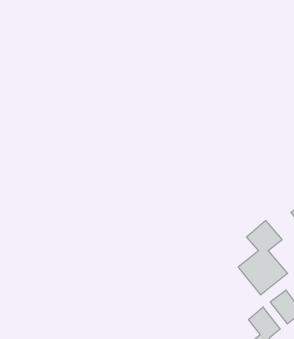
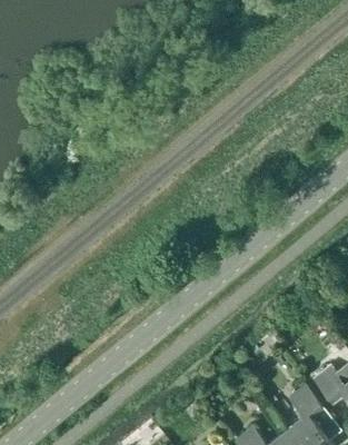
building: [238,221,288,295] -> none

